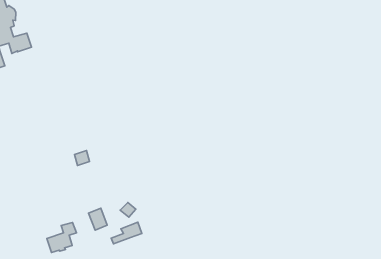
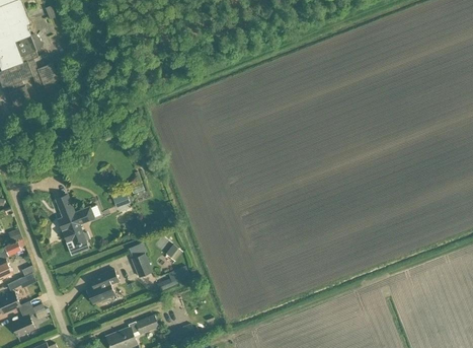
building: none -> [56,195,93,255]

